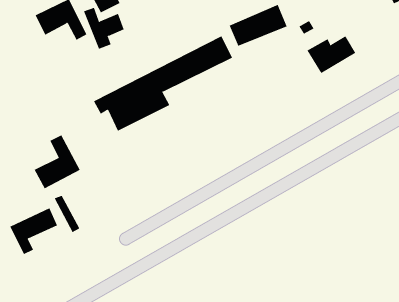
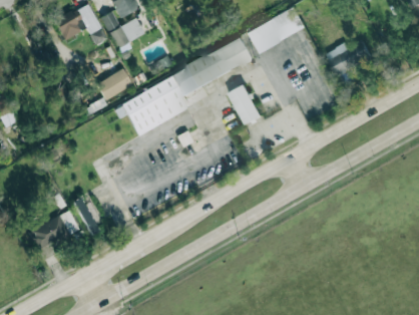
building: none -> [96,70,131,98]
building: none -> [229,84,262,125]
building: [34,135,80,189] -> none

